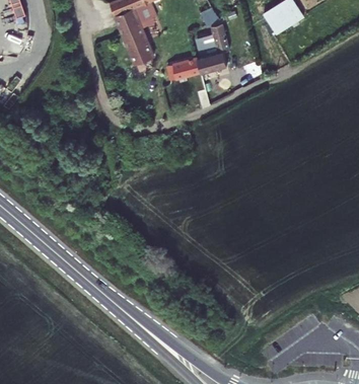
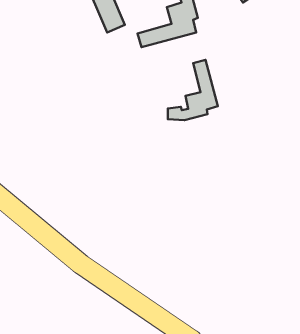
building: none -> [168,60,218,120]

